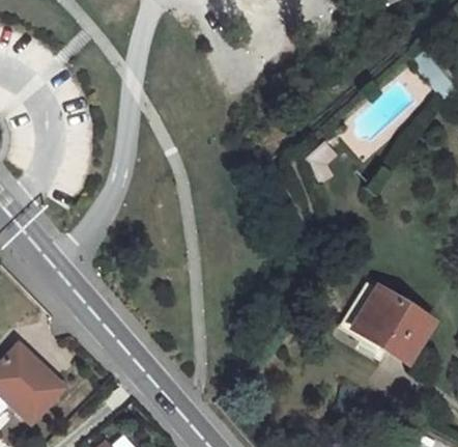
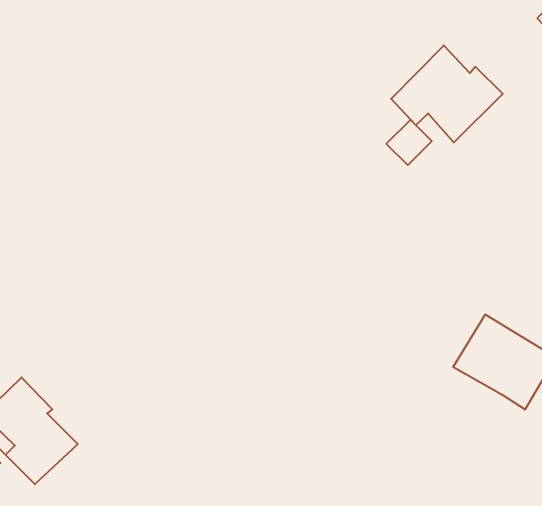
building: none -> [391,45,503,143]
building: [347,280,397,354] -> none

